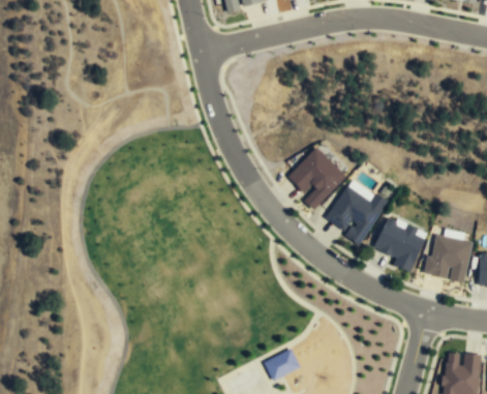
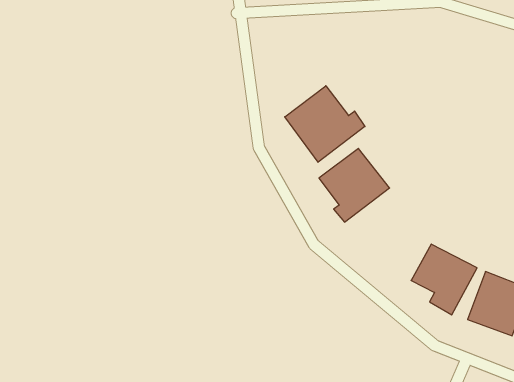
building: none -> [285,86,365,162]
building: [325,183,389,243] -> none

